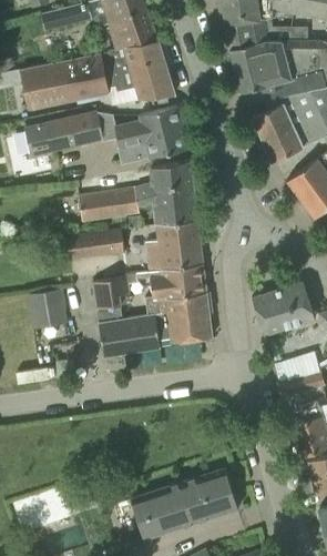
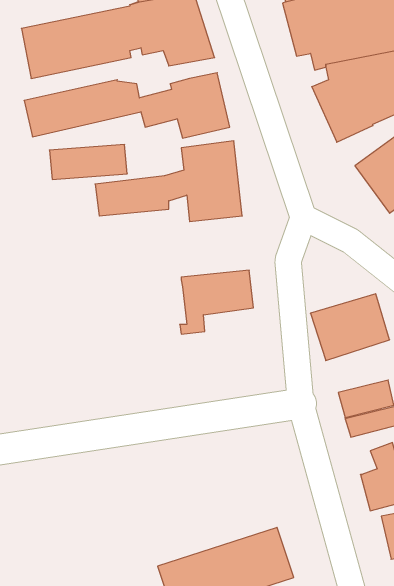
building: [145,221,203,270] -> none
building: [64,230,126,257] -> [49,145,127,179]
building: [94,276,130,307] -> none
building: [32,286,68,324] -> none
building: [100,294,212,355] -> none

